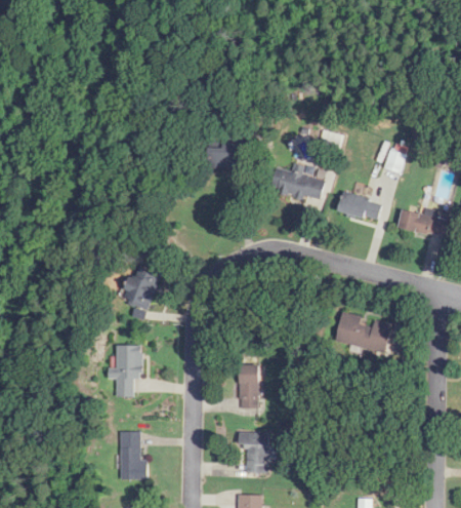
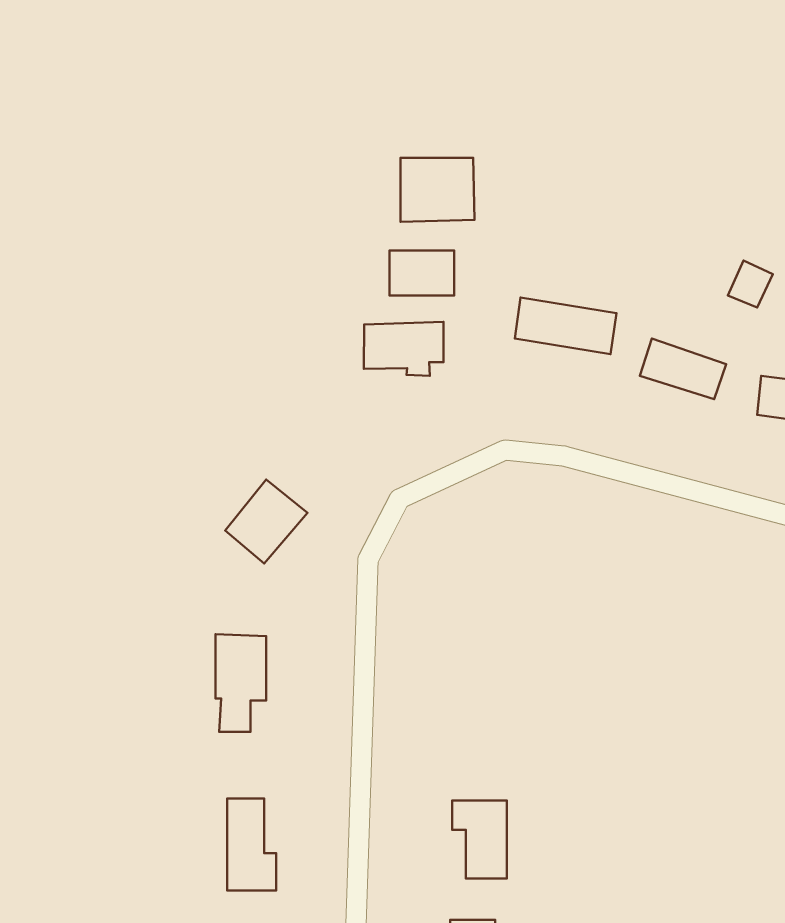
building: none -> [401,158,474,222]
building: none -> [364,322,443,376]
building: [335,312,390,351] -> none
building: [239,364,258,408] -> none

